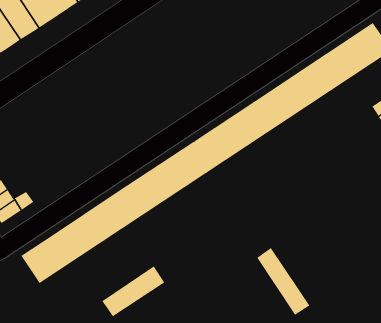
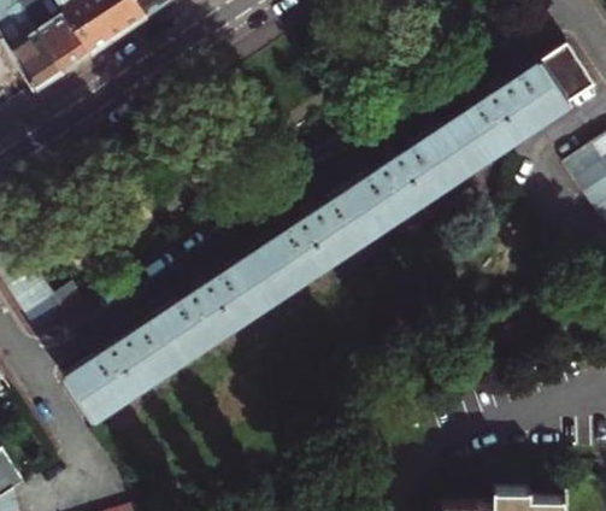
building: [257,247,310,315] -> none
building: [101,266,165,317] -> none

